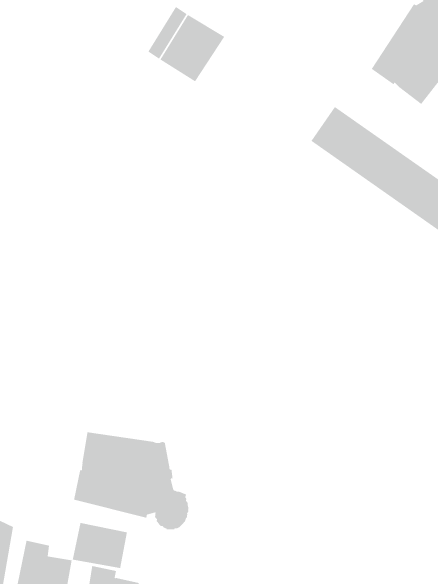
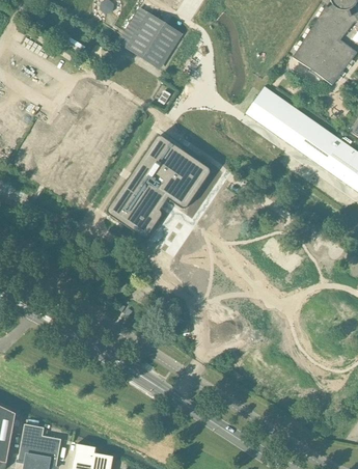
building: none -> [108,136,211,238]
building: [73,432,189,530] -> none
building: [72,522,128,569] -> none

